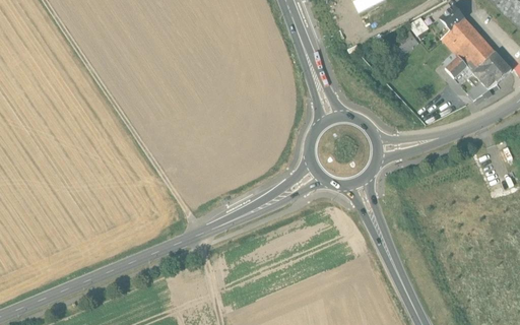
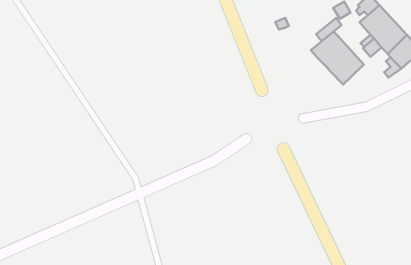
building: none -> [311,31,364,84]

